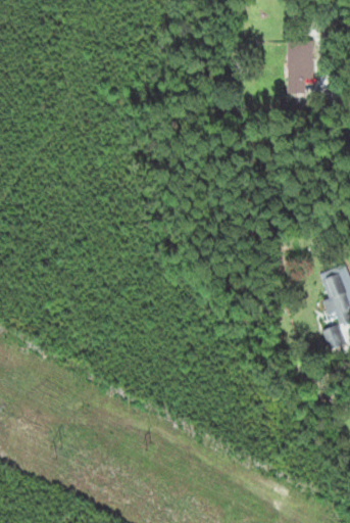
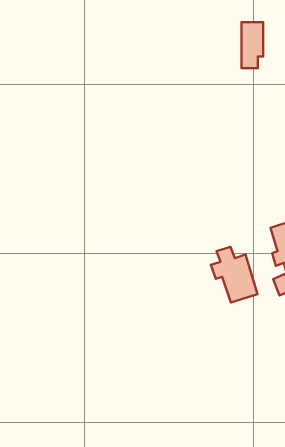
building: none -> [211,247,258,303]

